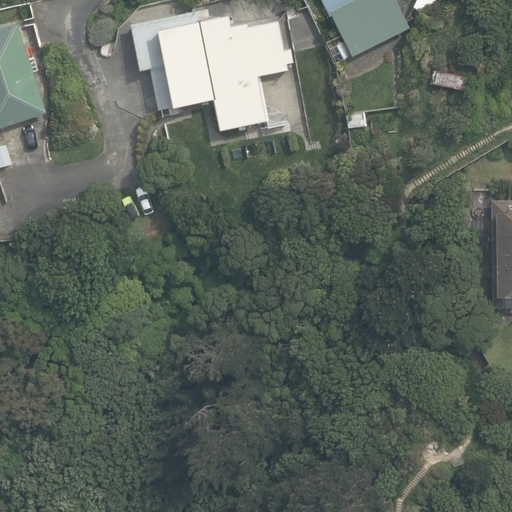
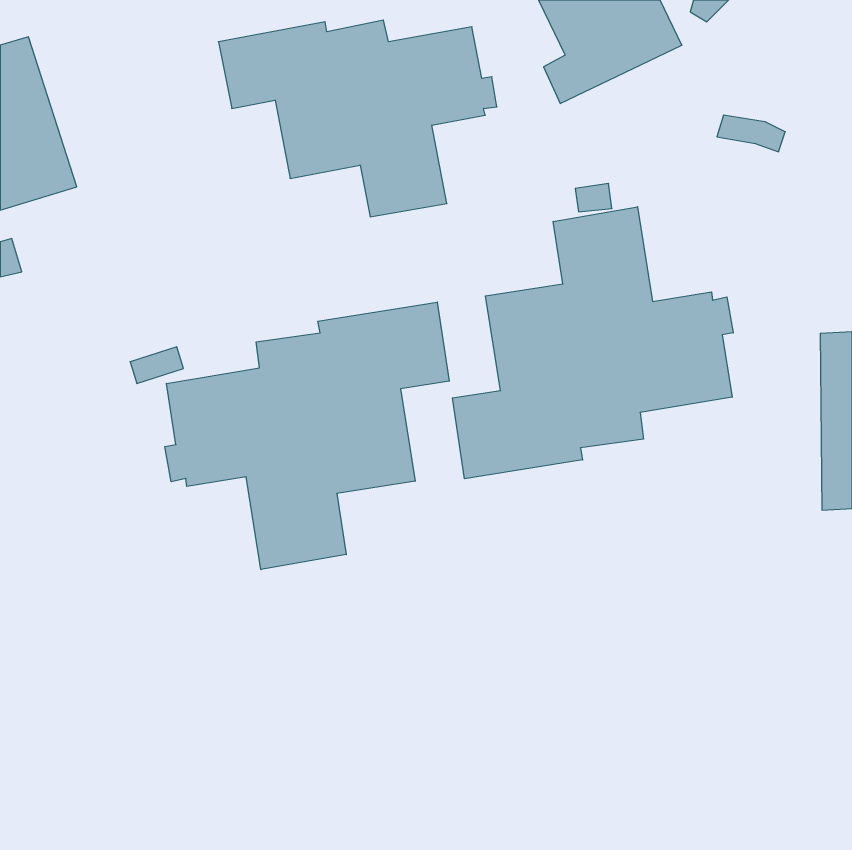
building: none -> [452,207,733,479]
building: none -> [165,302,449,570]

